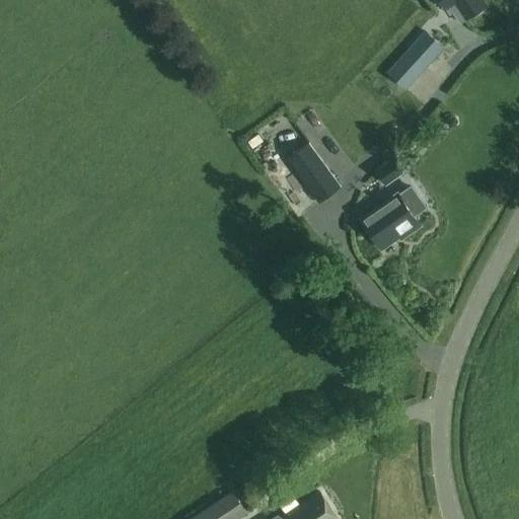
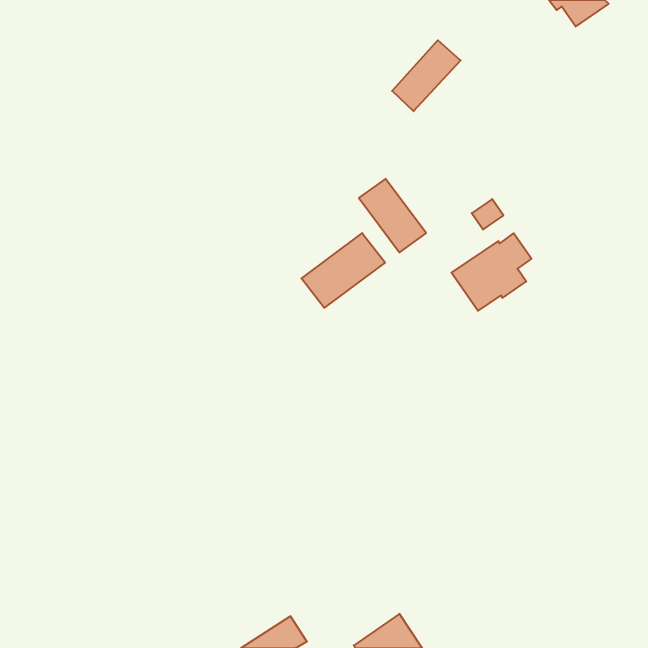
building: [388,31,443,88] -> [392,40,461,111]
building: none -> [301,233,385,308]

